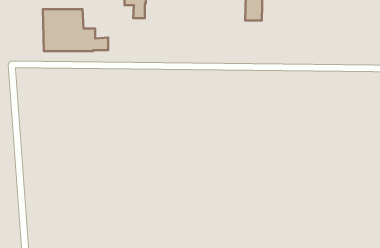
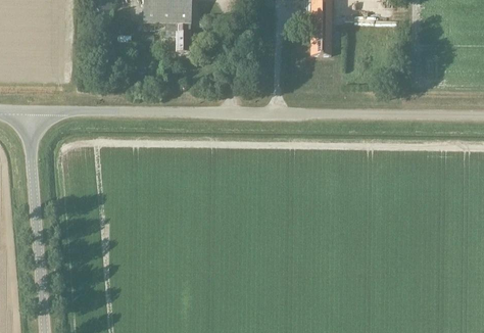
building: [43,9,108,51] -> none

